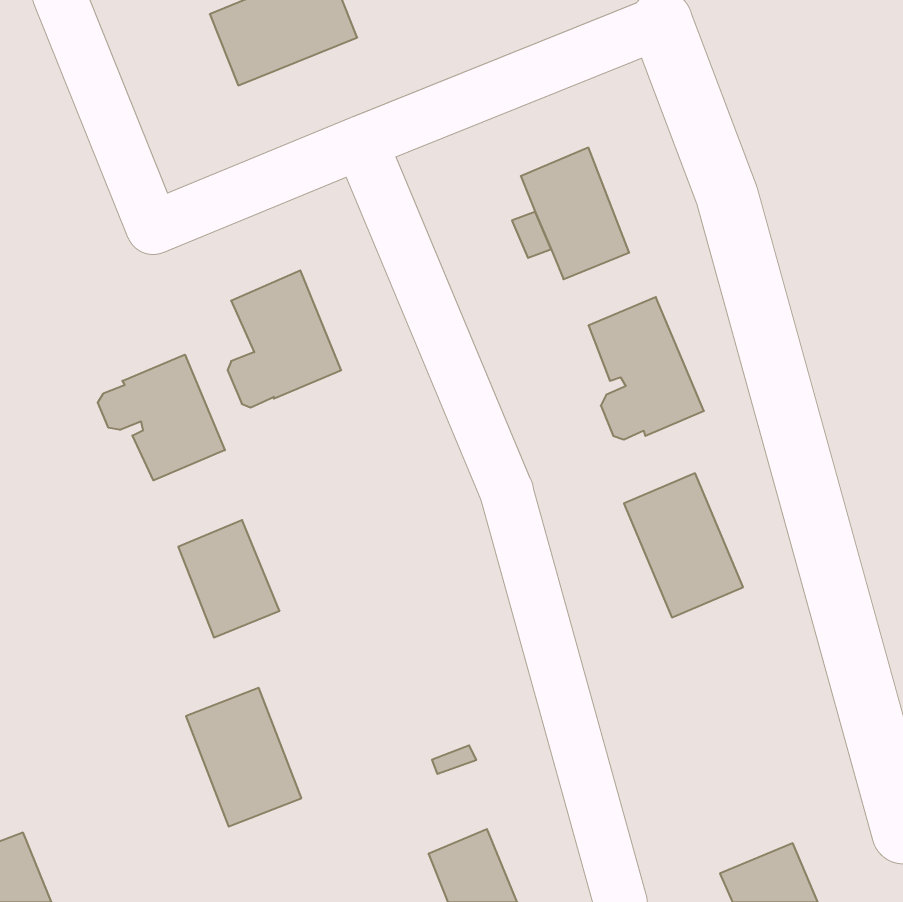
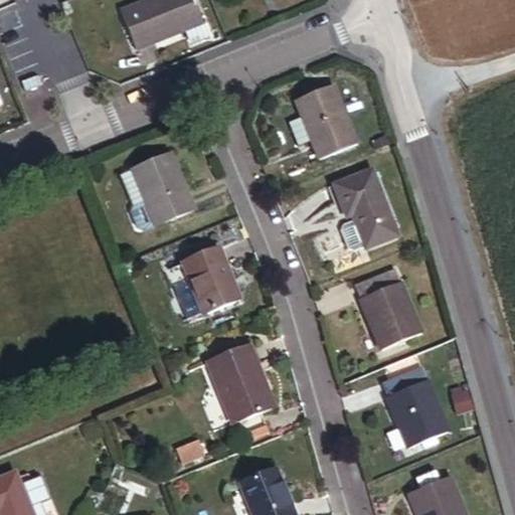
building: [98,355,225,480] -> none
building: [178,520,280,637] -> [183,245,240,312]
building: none -> [380,367,449,449]
building: [186,688,301,827] -> [208,344,274,422]

